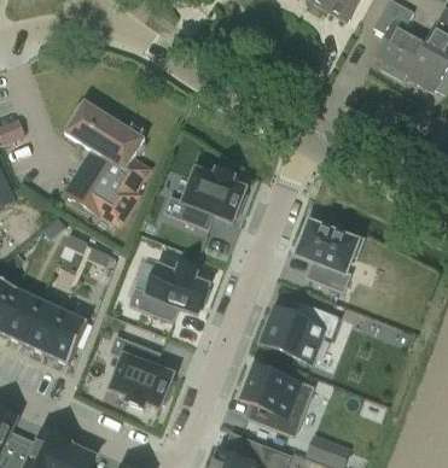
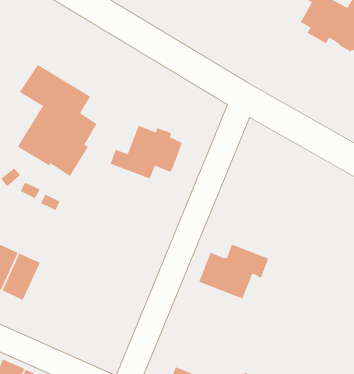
building: [299,223,372,282] -> none
building: [128,267,208,322] -> none
building: [109,337,173,409] -> none
building: [240,367,312,437] -> none

